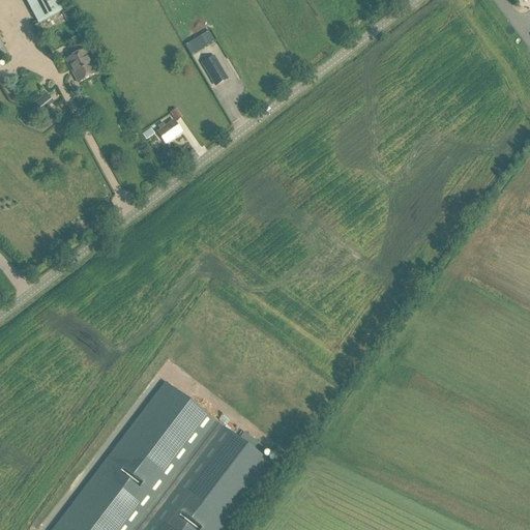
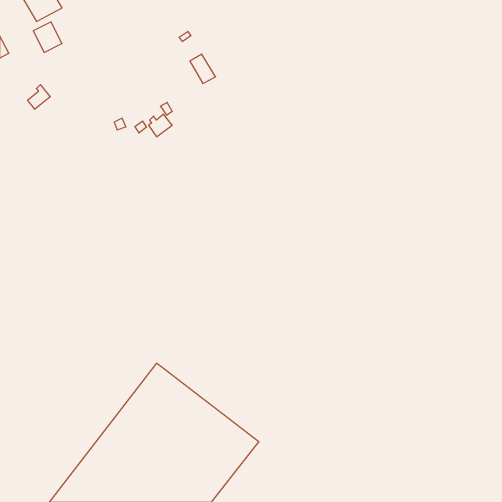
building: [65,50,95,82] -> [33,22,62,52]

